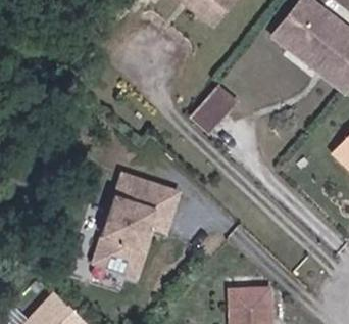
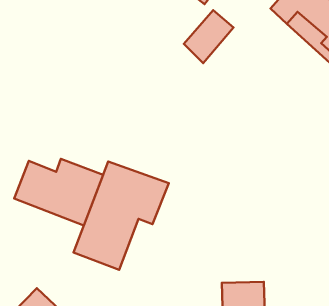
building: [192,86,239,136] -> [184,10,234,63]
building: none -> [14,159,103,226]

